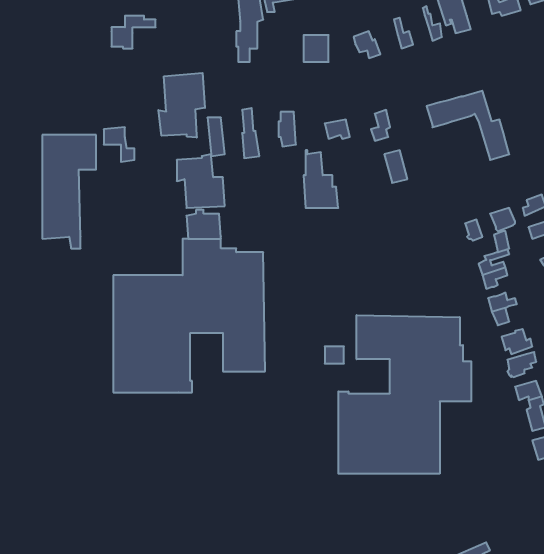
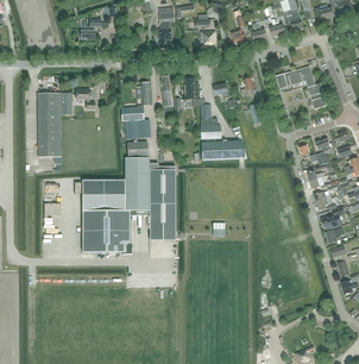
building: [158,73,205,138] -> none
building: none -> [201,140,246,161]
building: [338,315,471,474] -> none

